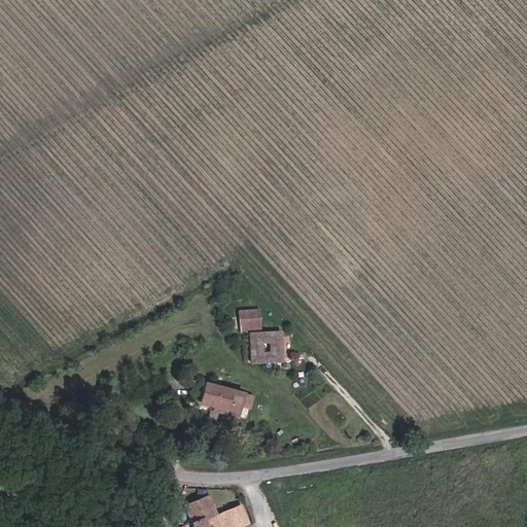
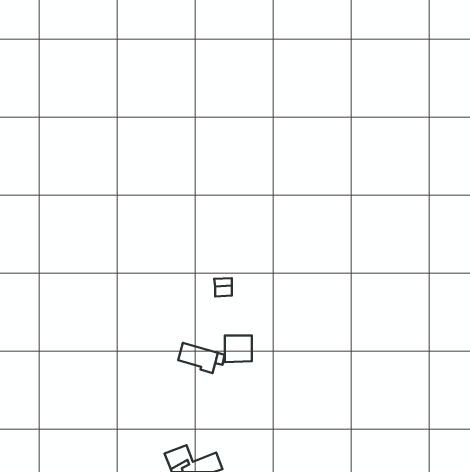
building: [251,332,281,362] -> [225,335,252,362]

